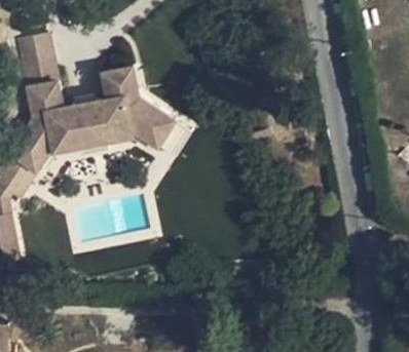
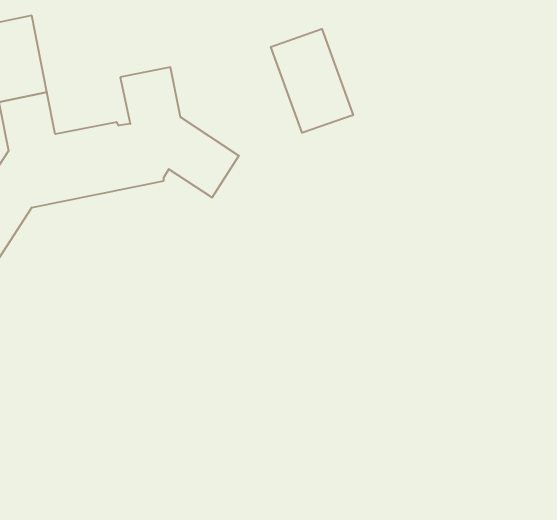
building: none -> [271,29,353,133]

